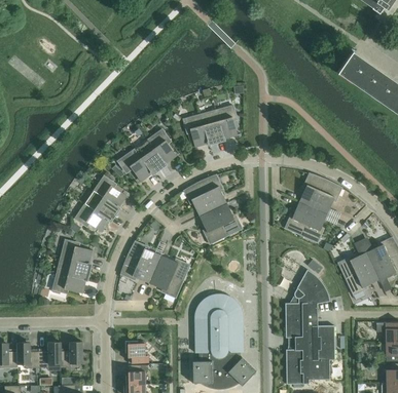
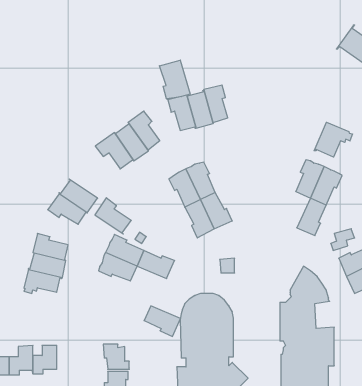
building: none -> [159,60,190,99]
building: none -> [314,122,352,157]
building: [94,174,126,207] -> [95,198,131,234]
building: [285,201,313,234] -> none
building: [149,269,182,297] -> [144,306,180,336]

